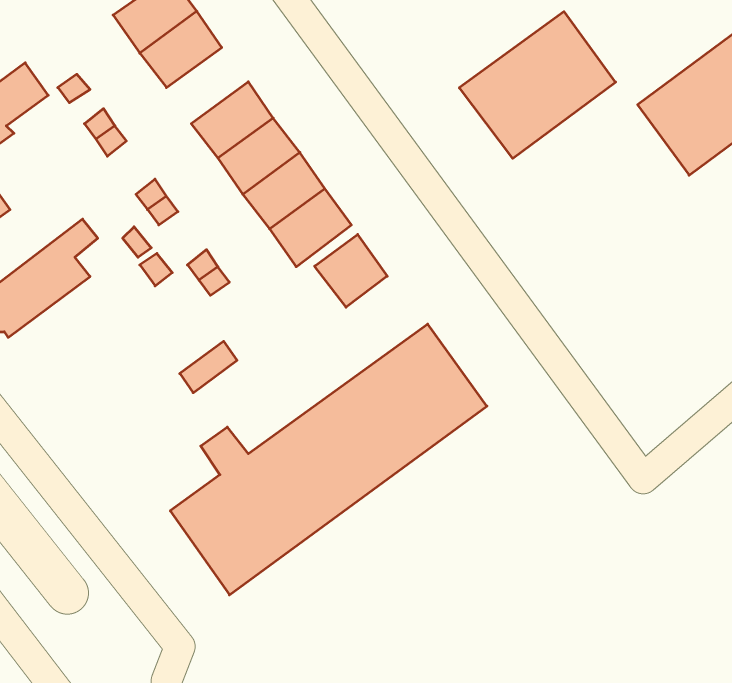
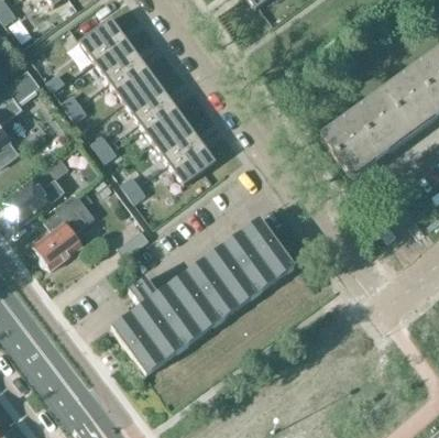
building: [459,12,616,158] -> [320,91,410,176]
building: none -> [109,58,156,102]
building: [315,234,387,307] -> none
building: none -> [33,188,95,269]

